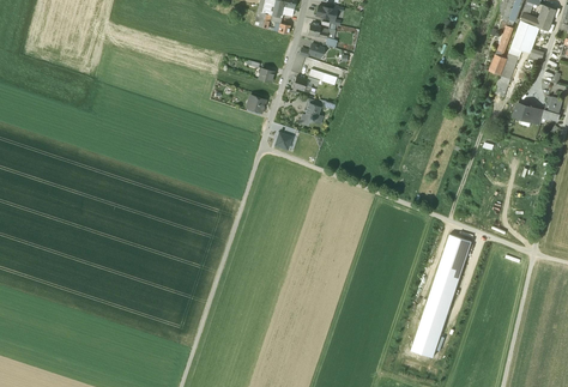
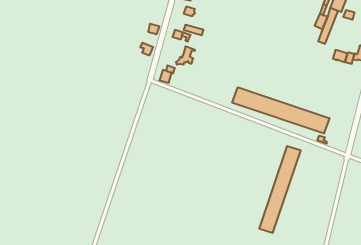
building: none -> [232,87,329,134]

